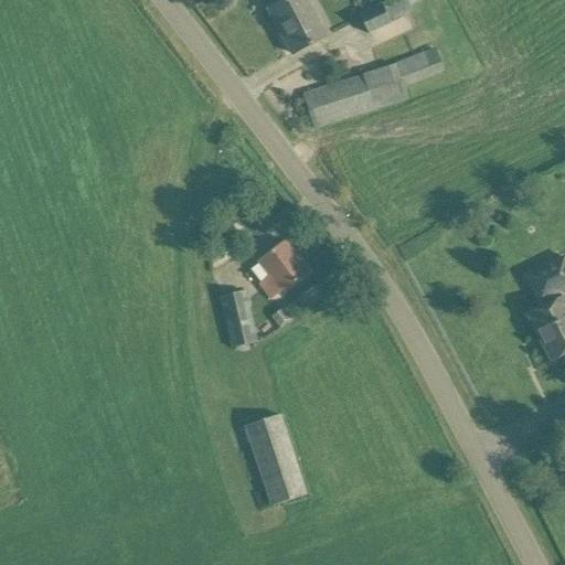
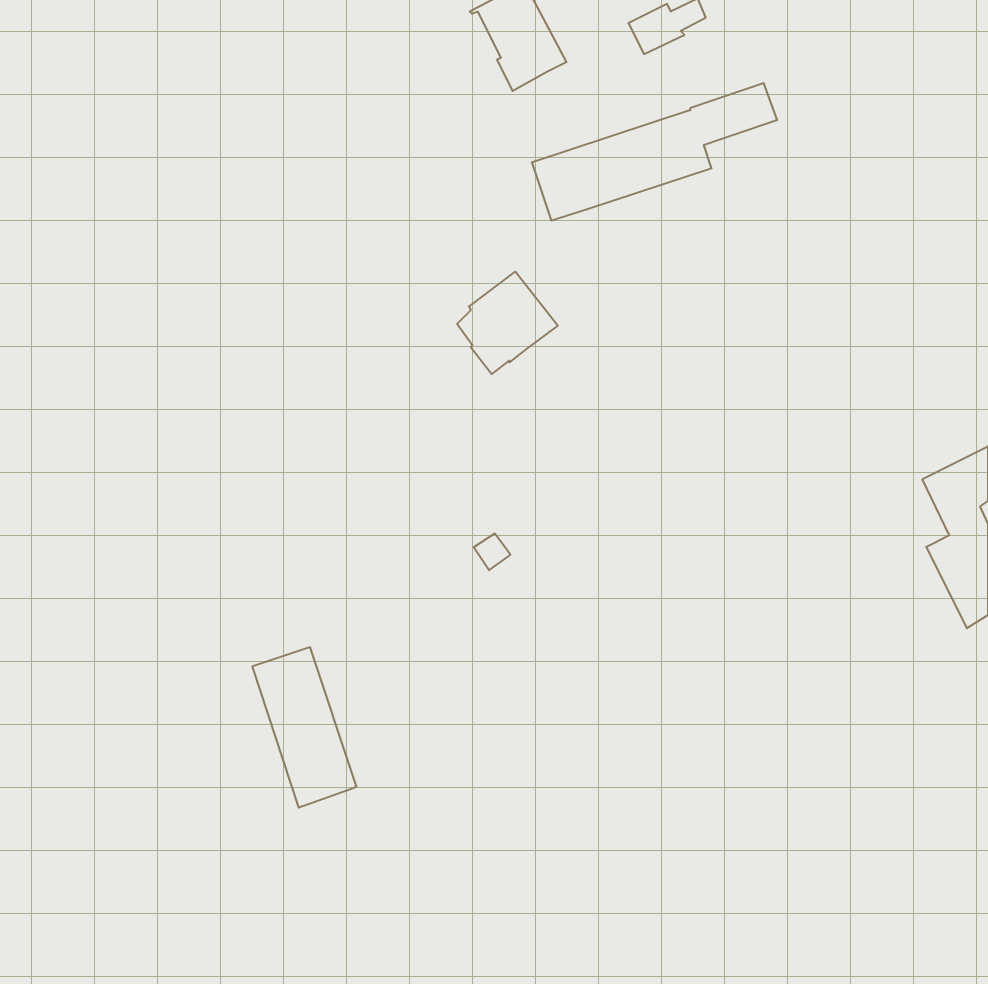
building: [252,238,309,297] -> [457,272,558,374]
building: [221,289,256,345] -> none
building: [246,413,306,504] -> [252,647,357,808]

